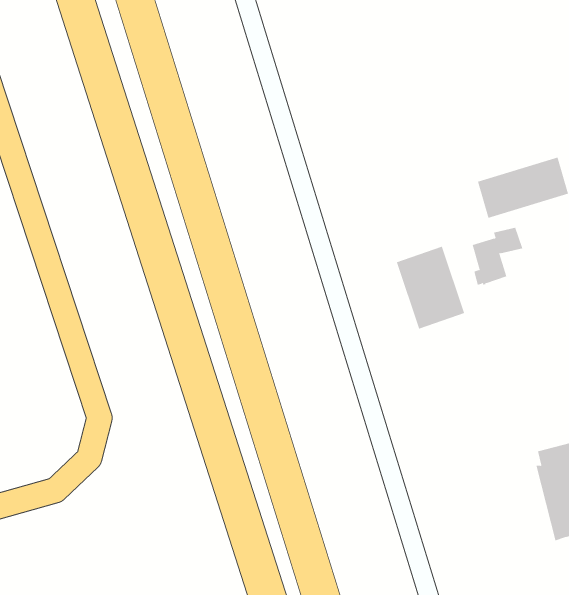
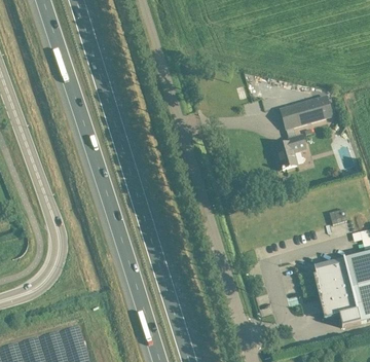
building: [396,246,465,330] -> none

